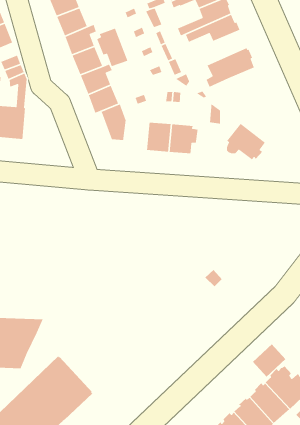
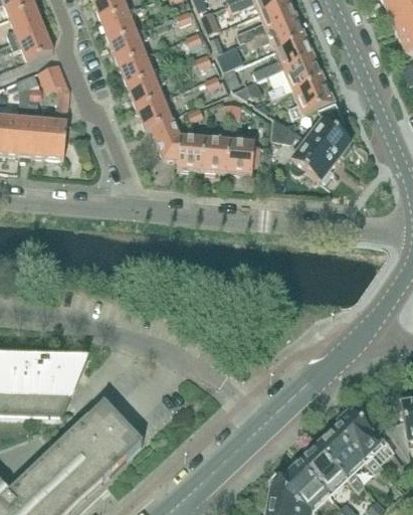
building: [96,28,128,67] -> none
building: none -> [252,35,314,79]
building: none -> [288,77,333,116]
building: none -> [306,104,351,161]
building: none -> [176,136,204,170]
building: [252,344,286,378] -> none

